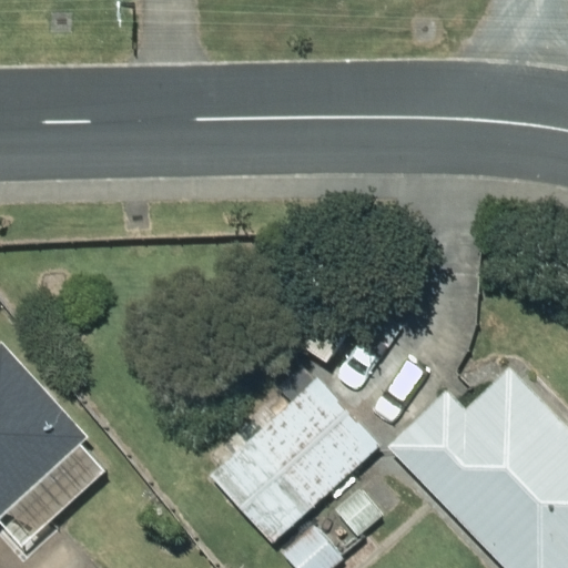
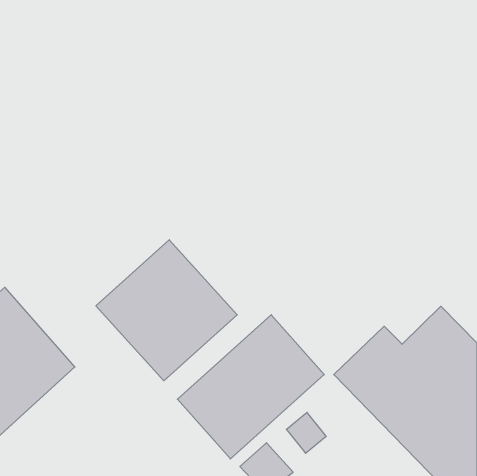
building: none -> [96,240,237,381]

